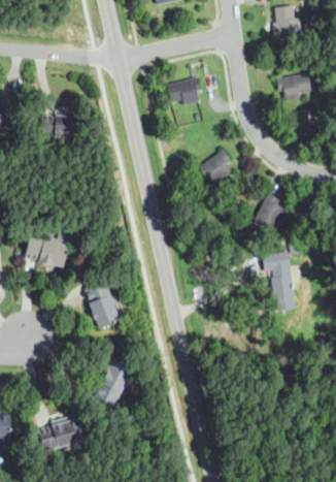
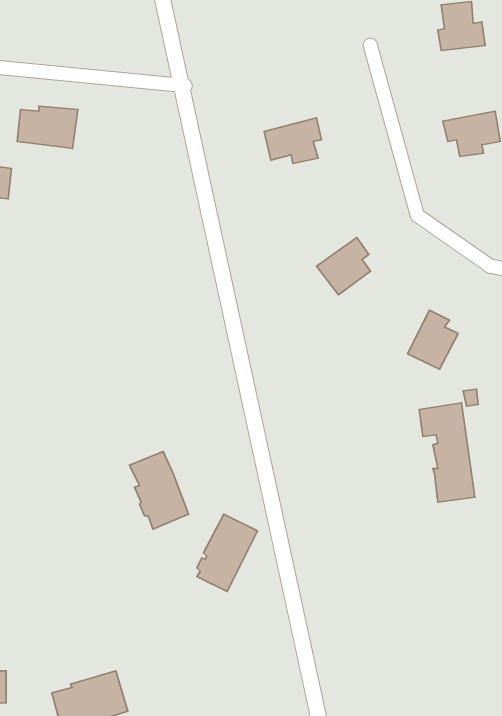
building: [41,113,78,138] -> [17,106,78,148]
building: [24,236,68,267] -> none
building: [95,358,132,406] -> [197,514,257,592]

